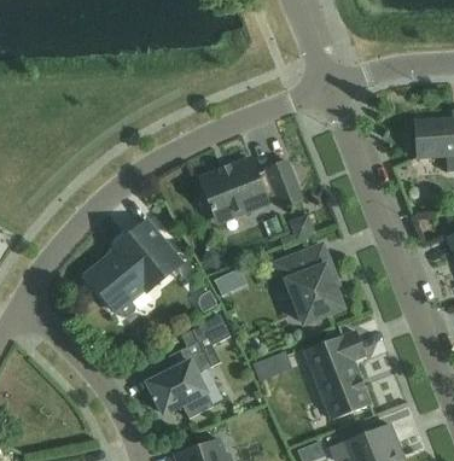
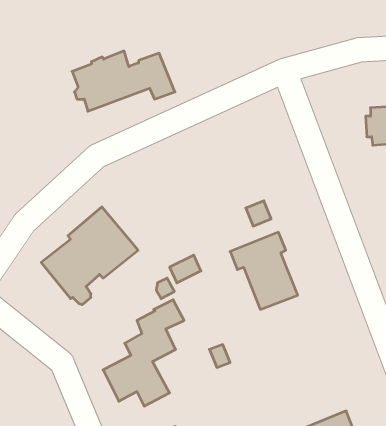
building: [199,158,302,218] -> [72,51,175,111]
building: [305,331,371,420] -> none

